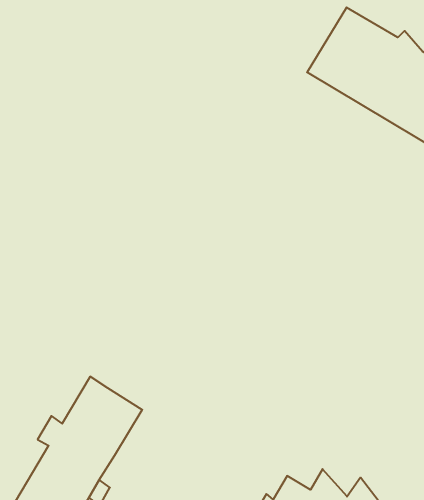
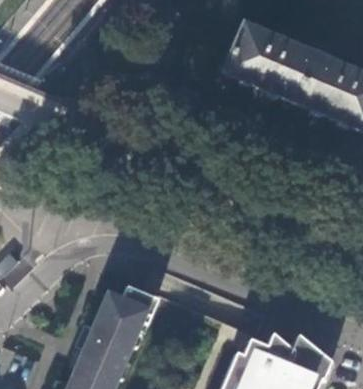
building: none -> [121,286,160,347]

